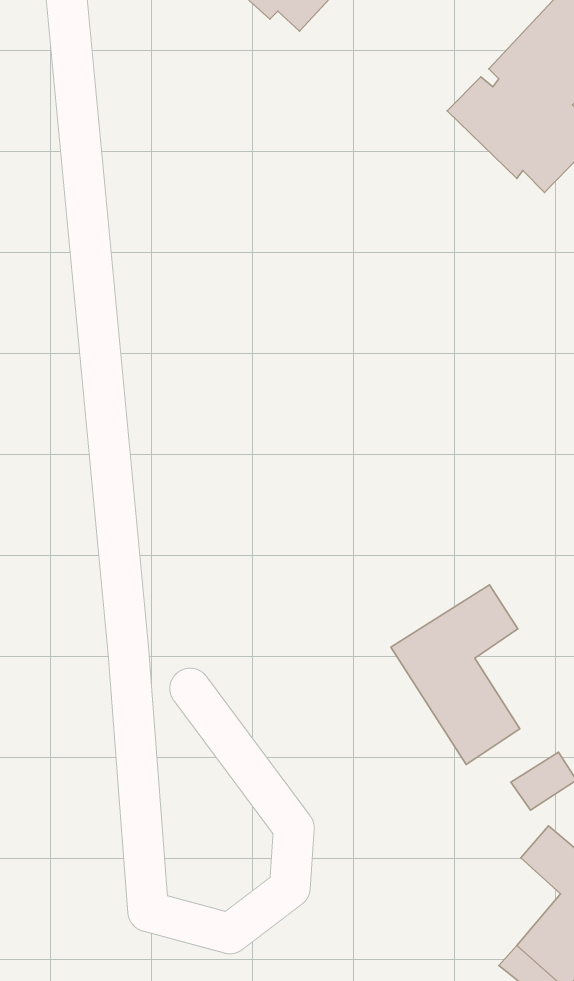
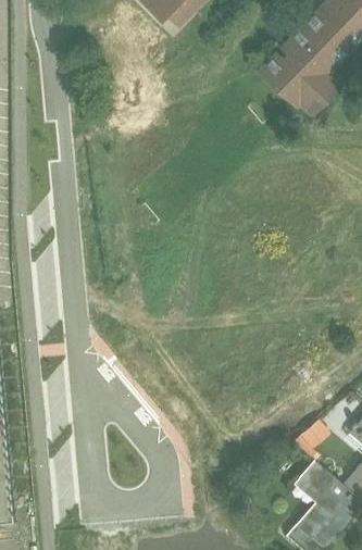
building: [391,585,520,764] -> none

